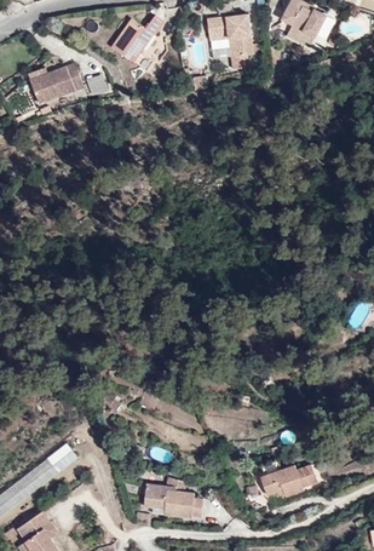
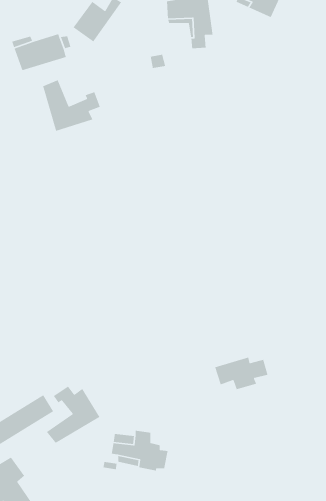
building: none -> [42,79,101,132]
building: none -> [46,385,101,444]
building: [261,470,318,505] -> [214,357,269,390]

